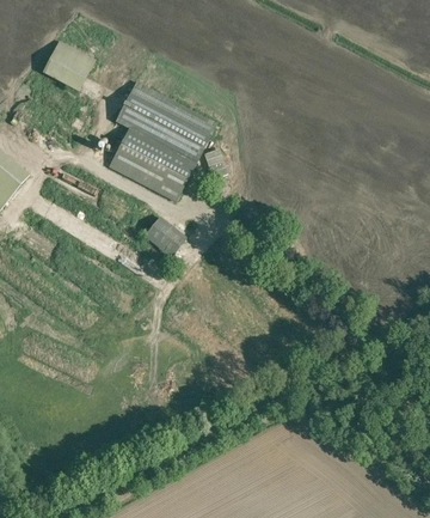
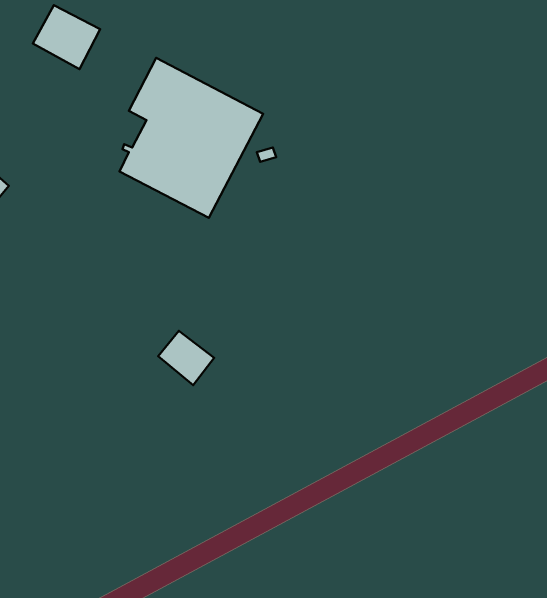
building: [143,218,185,258] -> [158,331,214,385]

